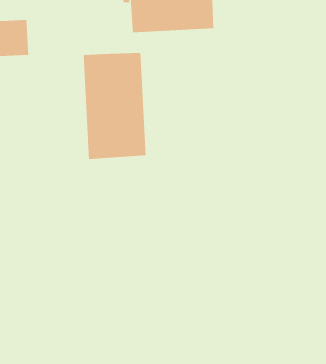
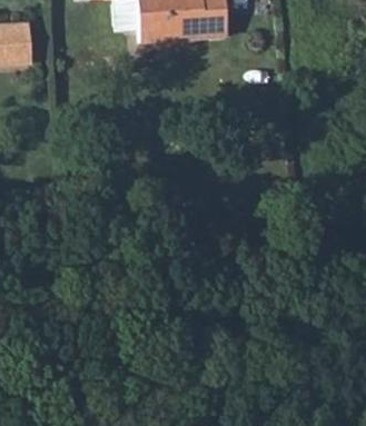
building: [83,52,146,160] -> none

